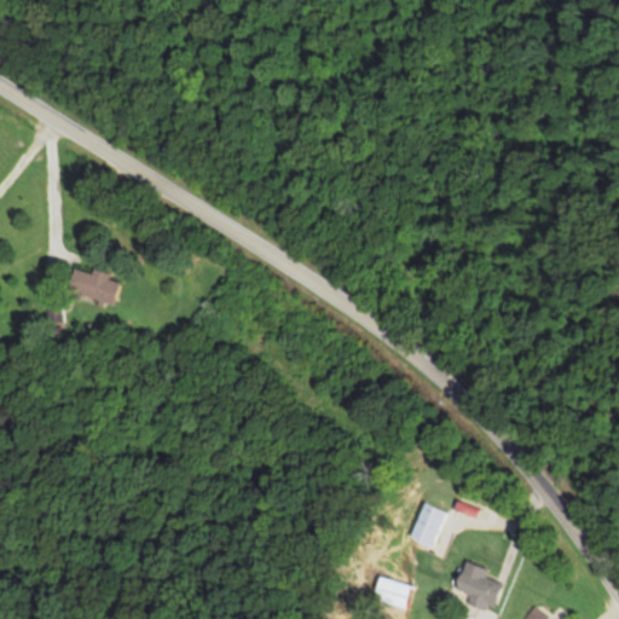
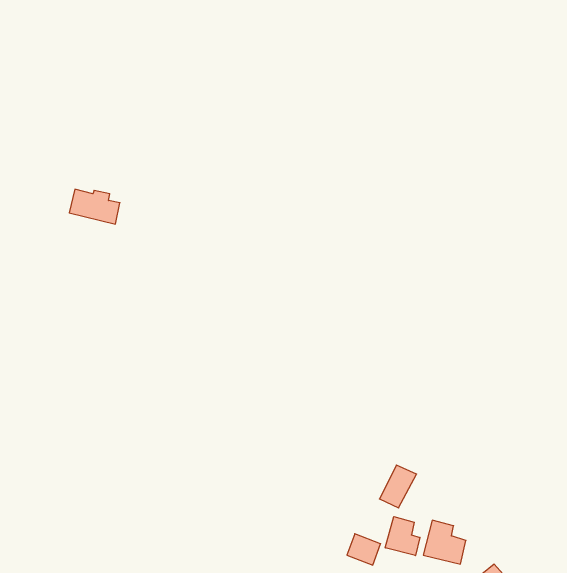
building: [66,267,121,305] -> [69,189,120,224]
building: none -> [385,517,420,556]

